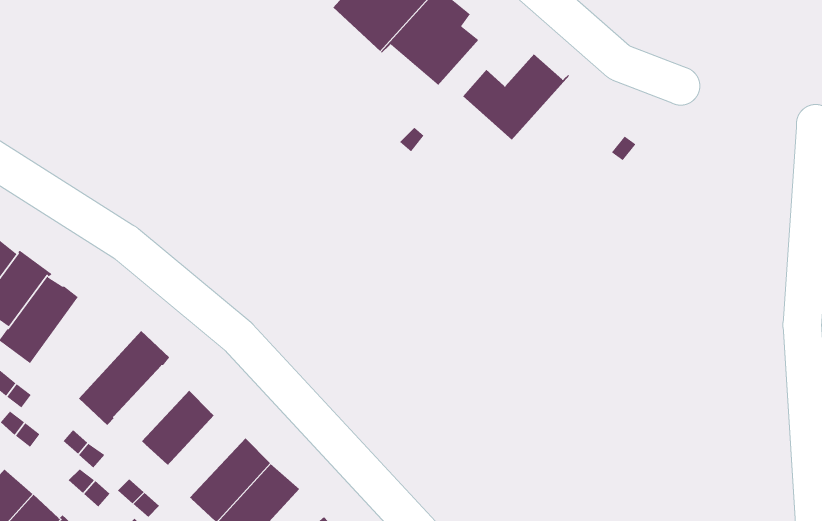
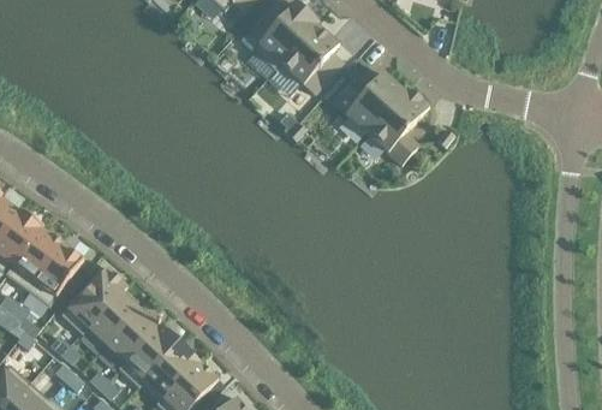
building: none -> [365,88,428,165]
building: none -> [26,244,82,307]
building: none -> [85,292,138,345]
building: none -> [117,322,178,388]

